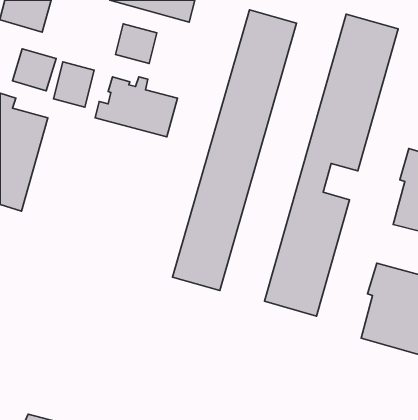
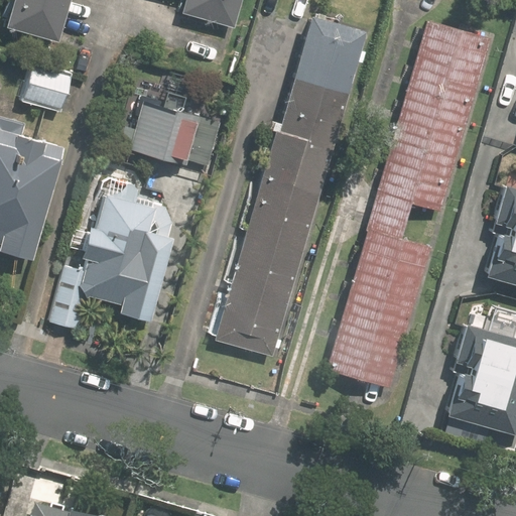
building: [115,24,157,63] -> none
building: [53,62,94,107] -> none
building: none -> [50,182,173,330]

